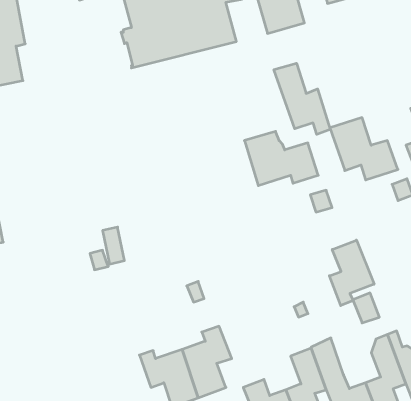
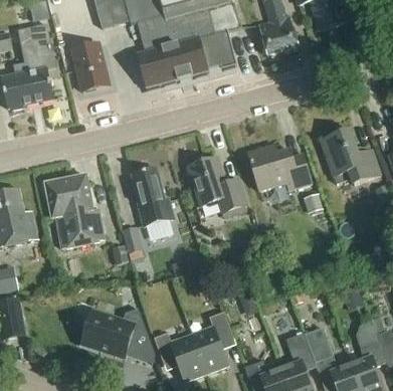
building: none -> [70,41,109,90]
building: [274,63,330,134] -> none
building: none -> [186,157,243,212]
building: none -> [130,168,173,226]
building: none -> [44,175,103,248]
building: [329,240,374,306] -> none
building: none -> [81,309,153,362]

